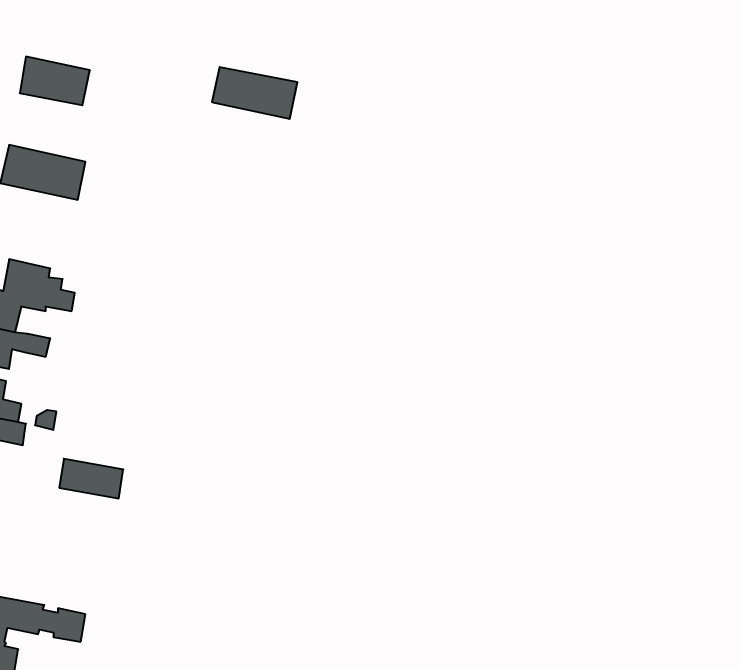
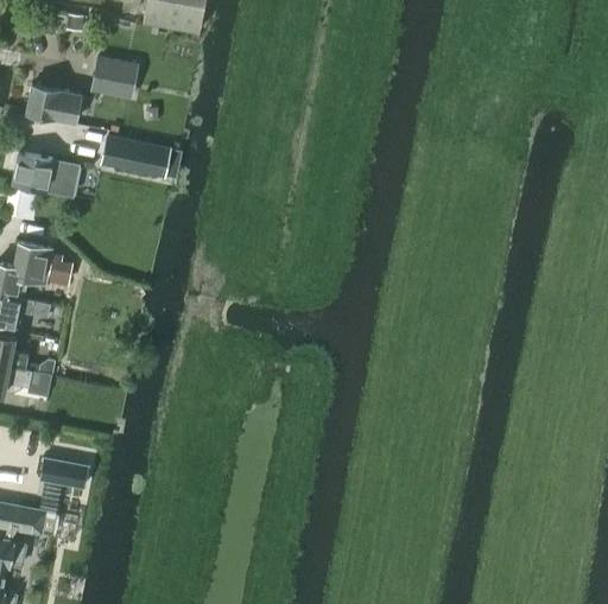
building: none -> [90,58,137,94]
building: [212,67,297,119] -> [101,136,167,177]
building: [59,459,123,498] -> [38,457,88,488]

